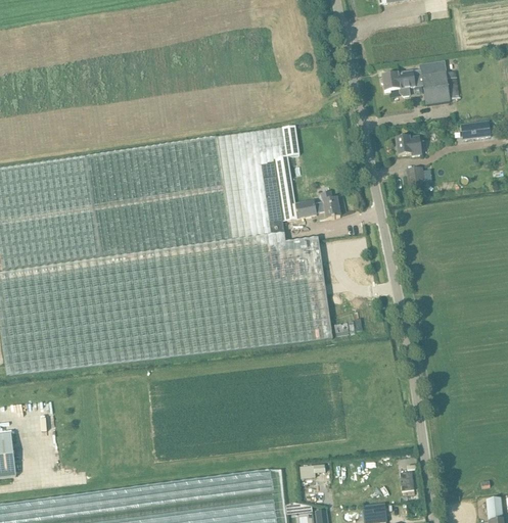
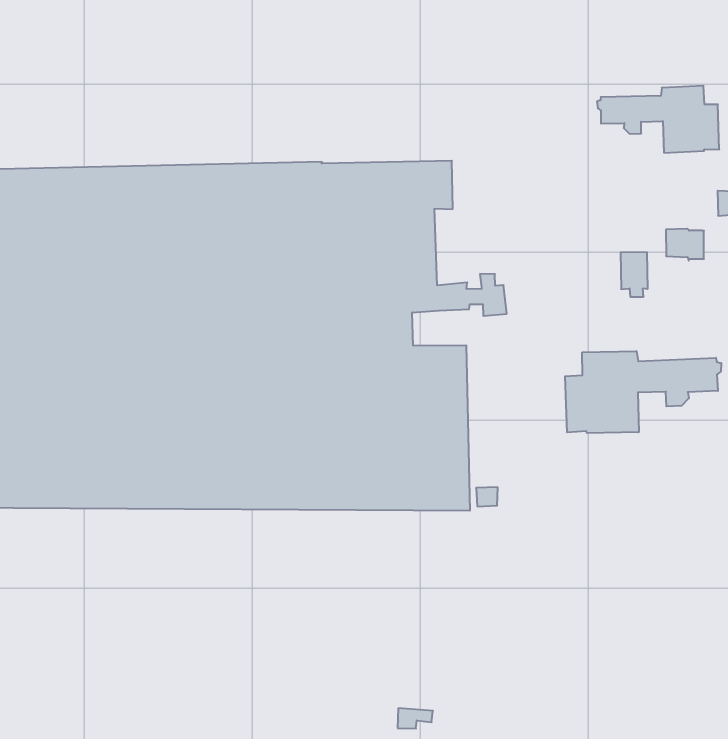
building: [395,136,420,155] -> [666,229,704,261]
building: none -> [565,351,721,433]

